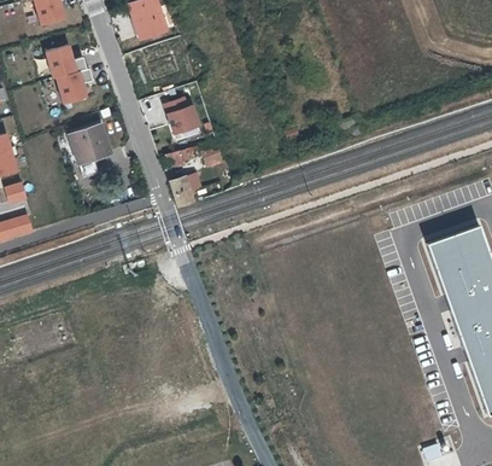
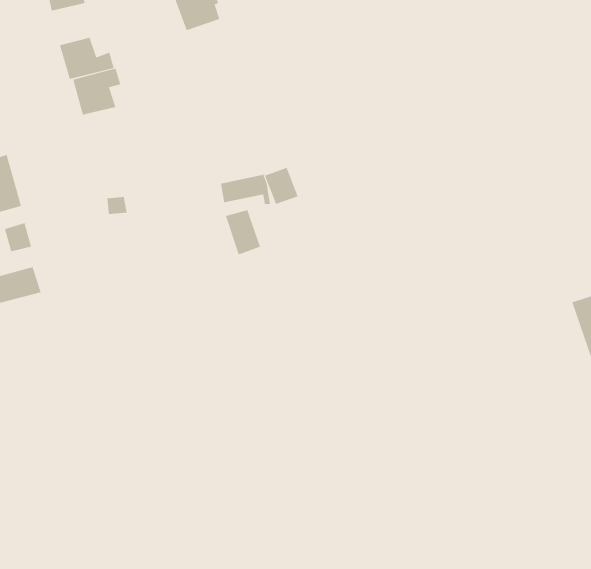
building: [162,95,200,136] -> none
building: [65,121,112,164] -> none

